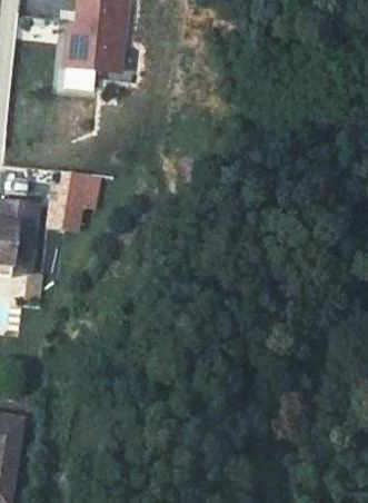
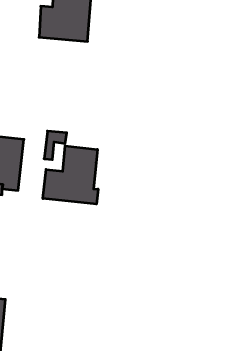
building: none -> [43,146,98,204]

